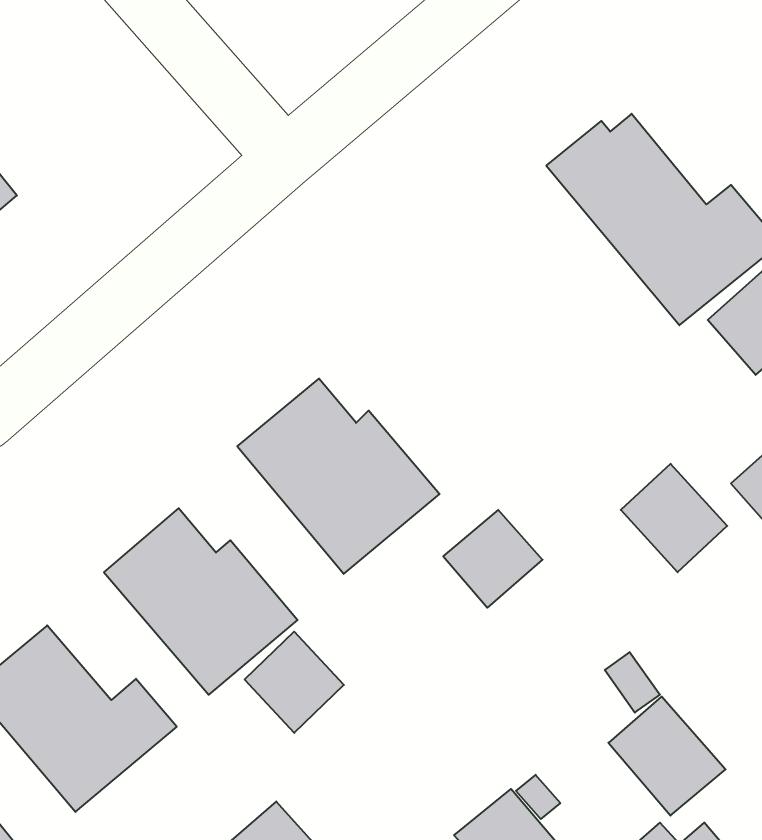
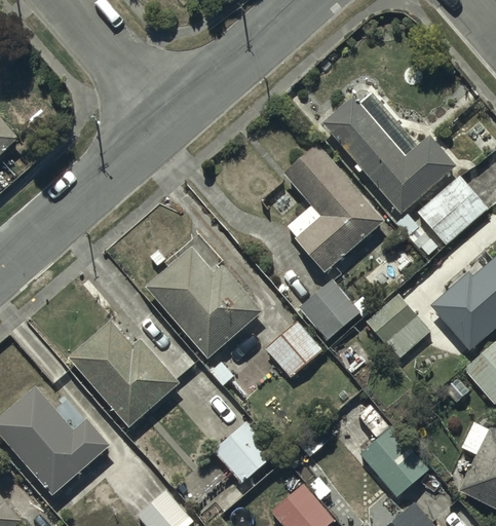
building: none -> [282,144,385,272]
building: none -> [299,279,360,340]
building: [245,632,344,733] -> [214,424,271,483]

